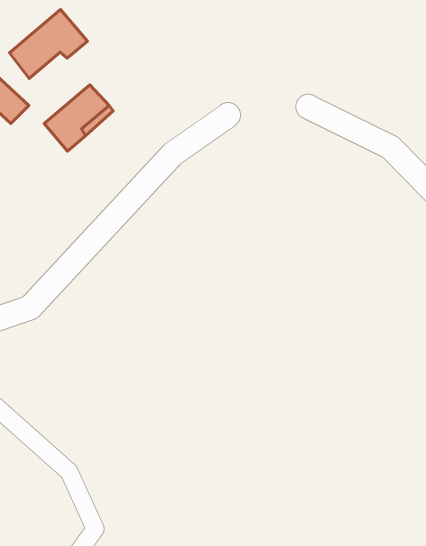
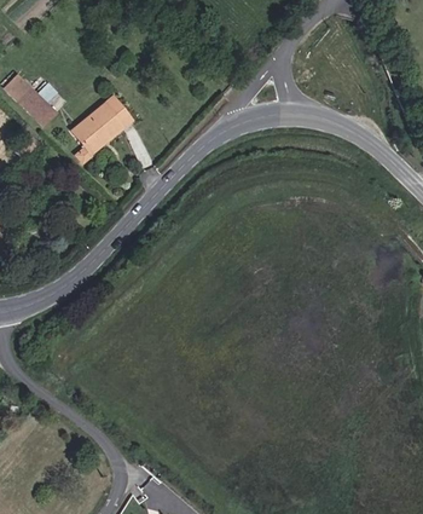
building: [10,10,87,78] -> none

